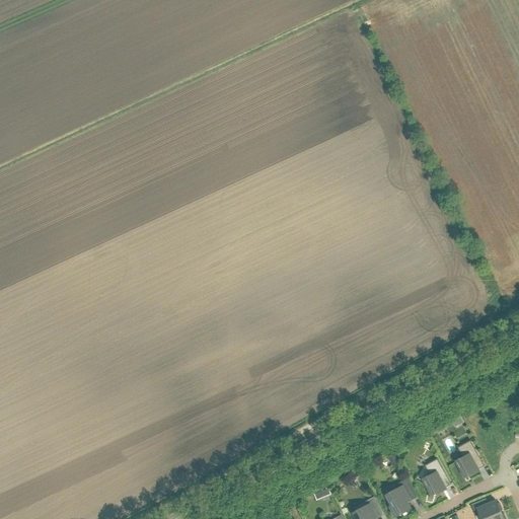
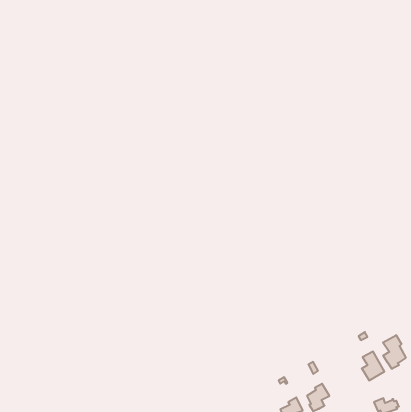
building: none -> [383,335,406,369]
building: [422,460,450,497] -> none

